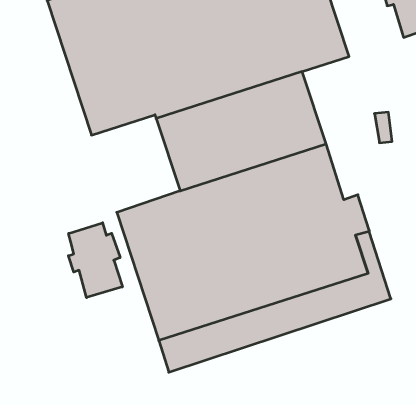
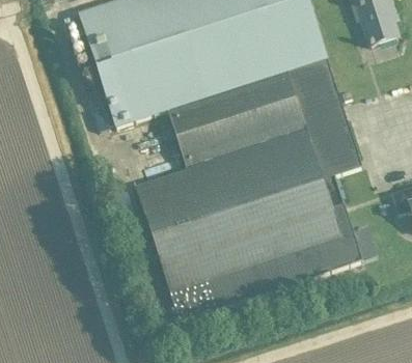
building: none -> [287,58,360,175]
building: [68,223,122,298] -> none

